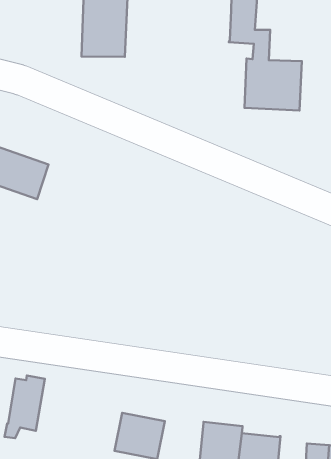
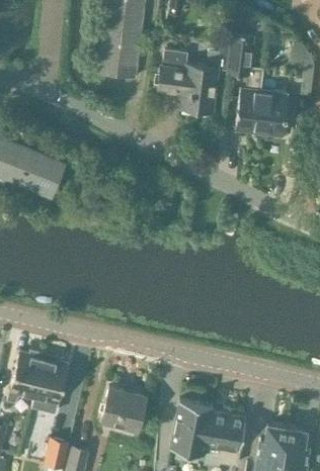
building: none -> [158,46,231,114]
building: none -> [34,354,68,413]

